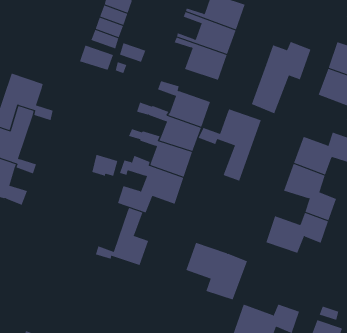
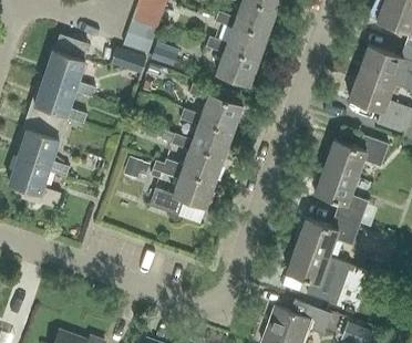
building: none -> [44,37,95,96]
building: [251,41,311,114] -> none
building: [198,108,261,182] -> none
building: [95,207,149,266] -> none
building: [185,242,248,300] -> [287,243,349,301]

